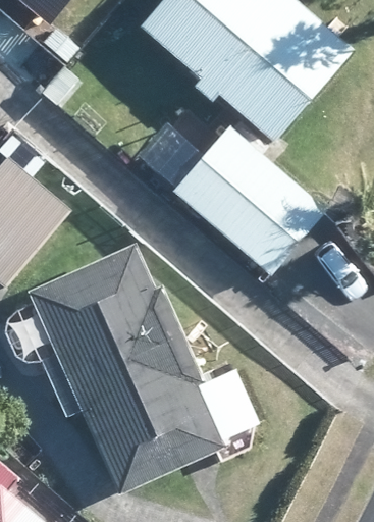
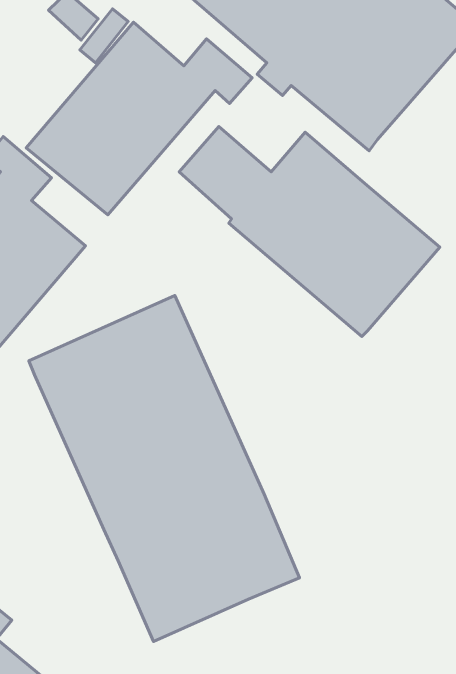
building: none -> [26,22,252,215]

